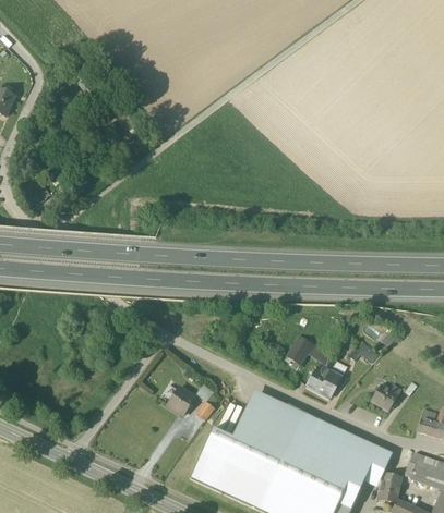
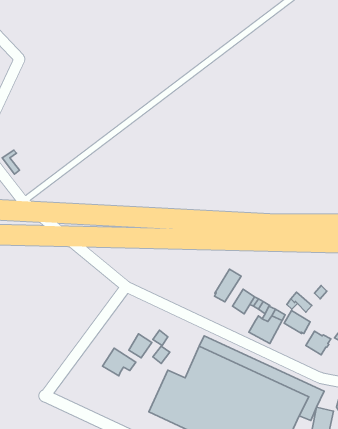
building: none -> [214,269,241,302]
building: none -> [284,310,310,333]
building: none -> [103,348,136,376]

